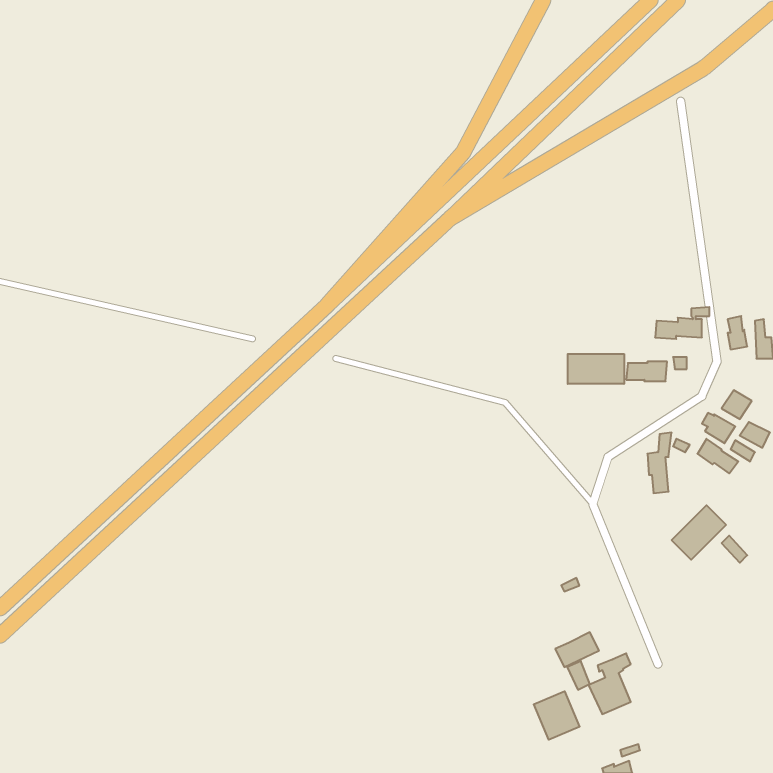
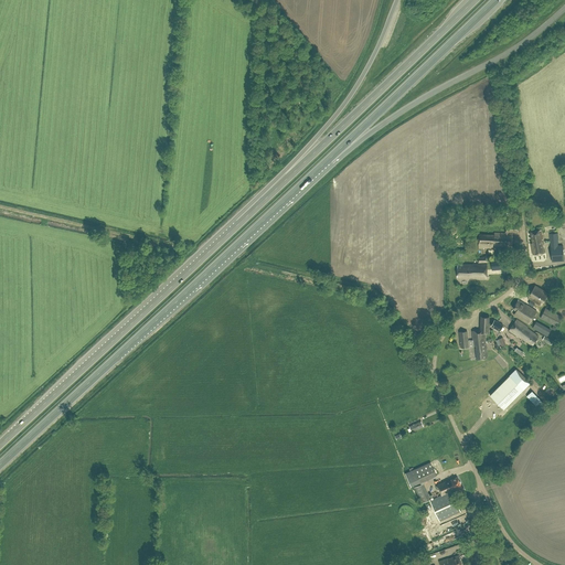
building: [568,354,624,384] -> none
building: [534,691,580,740] -> none

